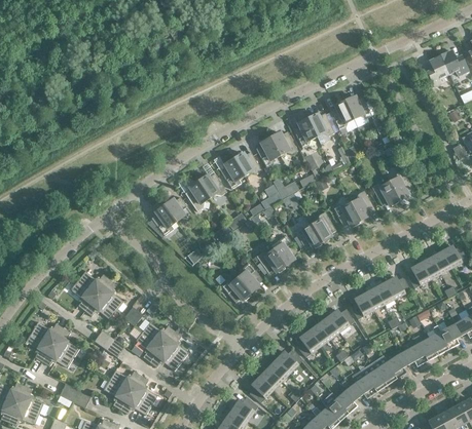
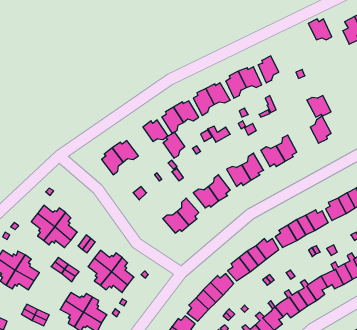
building: [344,94,371,118] -> [308,19,332,40]
building: [185,181,210,210] -> [163,132,185,158]
building: [371,181,399,205] -> [307,96,331,117]

